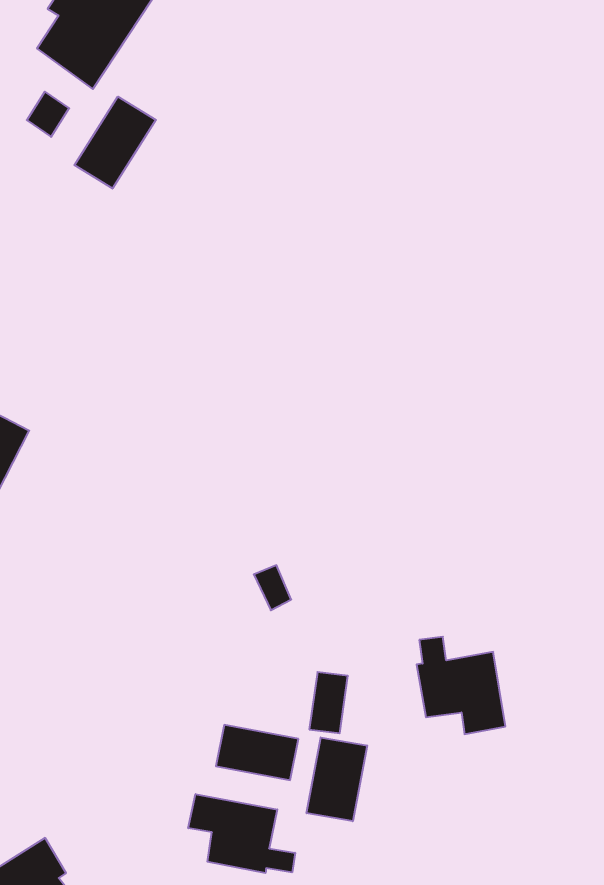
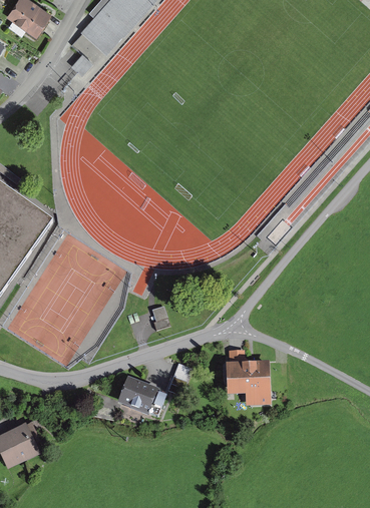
building: [74,97,156,189] -> none
building: [307,737,367,821] -> none
building: [188,794,295,873] -> none

